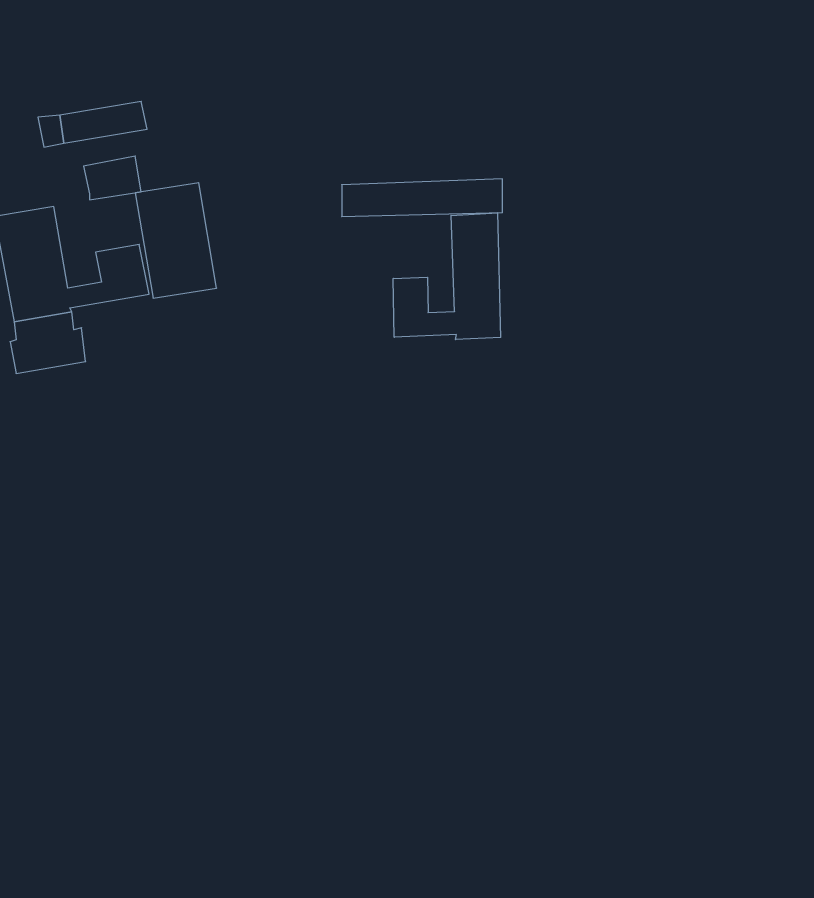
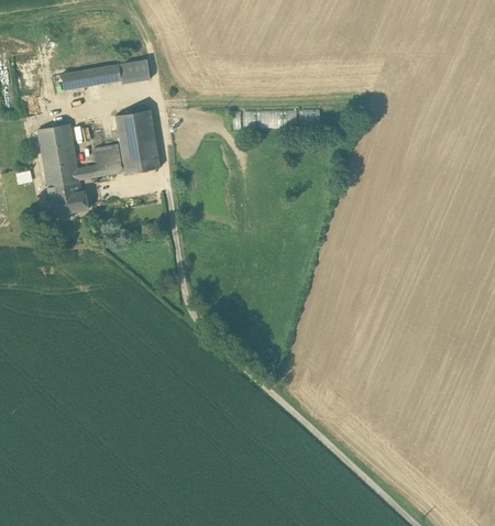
building: [84,156,141,200] -> [118,58,150,83]
building: [393,213,501,340] -> none

